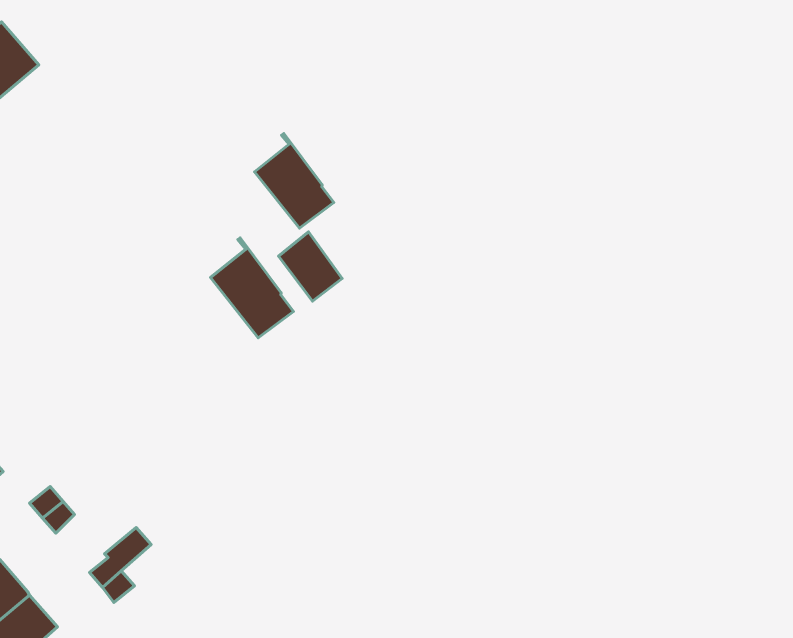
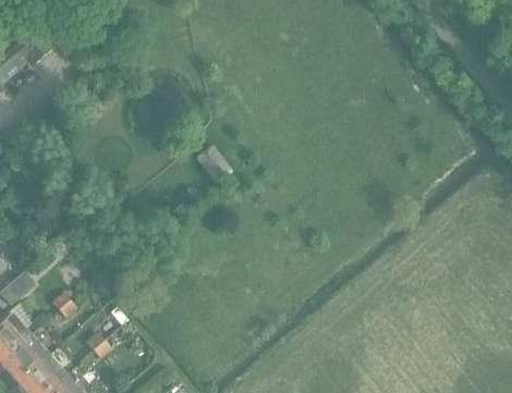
building: [255,134,334,228] -> none
building: [210,238,293,338] -> none

